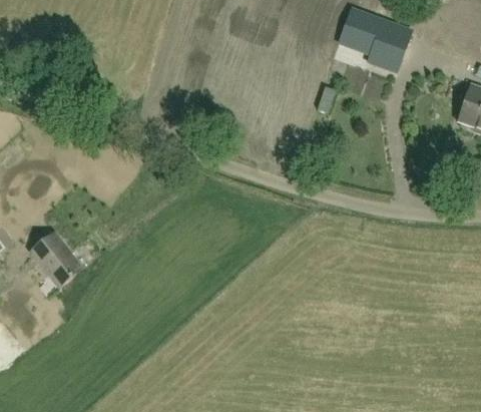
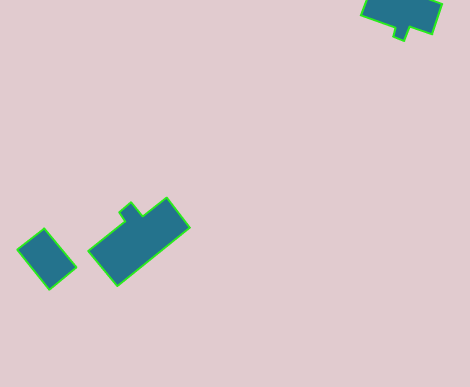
building: none -> [88,198,190,286]

